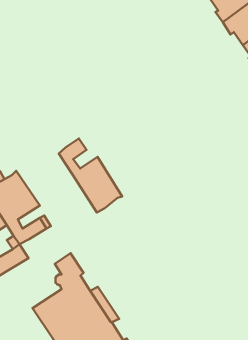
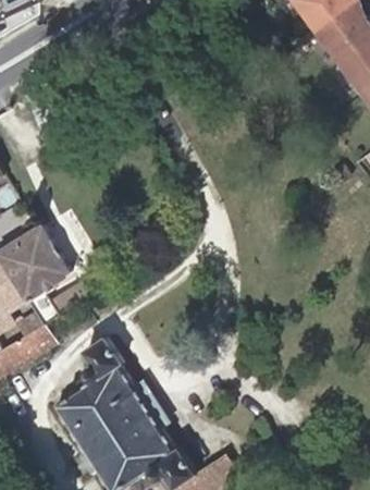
building: [59,138,122,212] -> none

